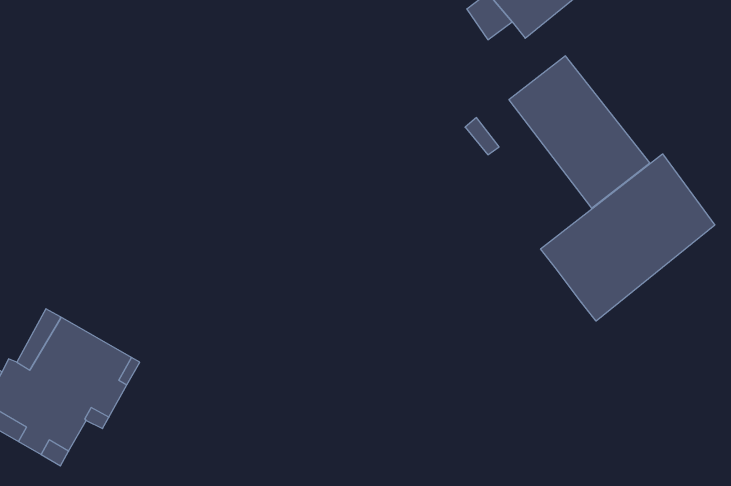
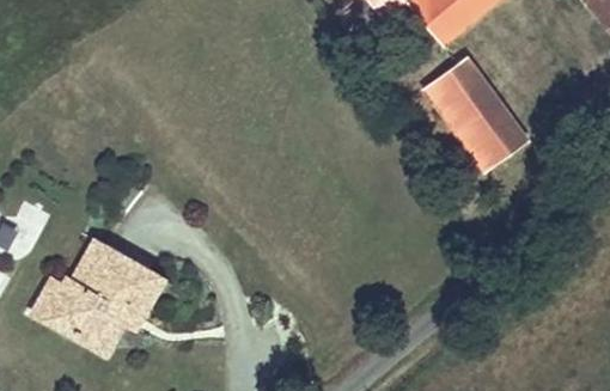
building: [541,154,715,321] -> none

